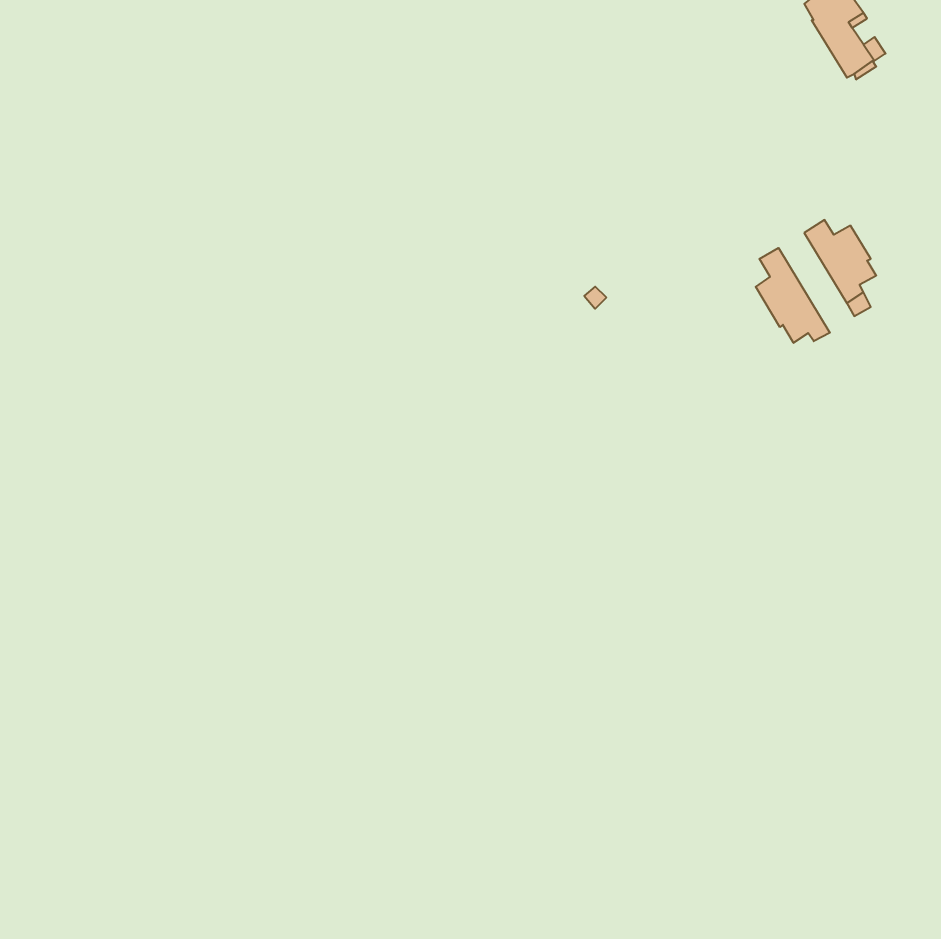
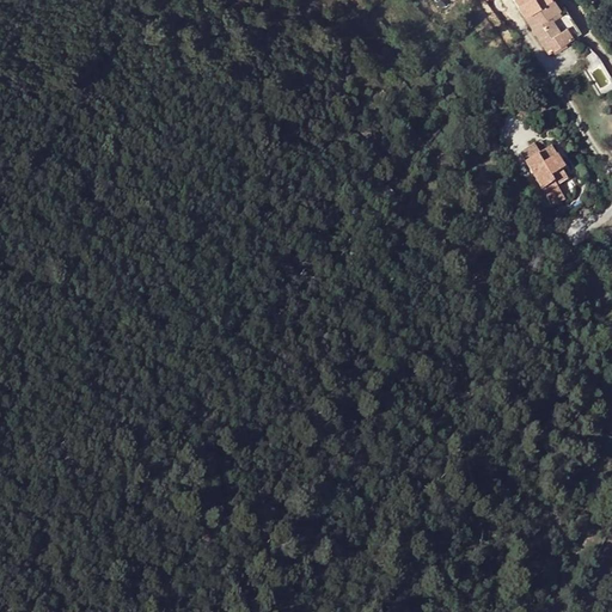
building: [756,248,830,343] -> none

